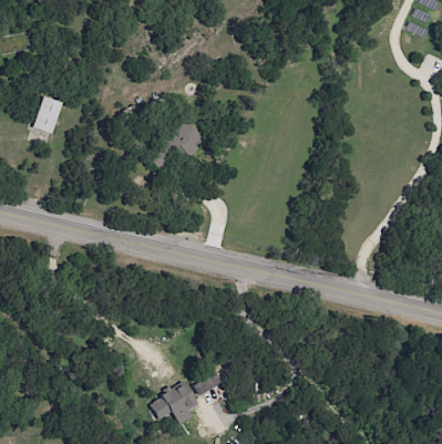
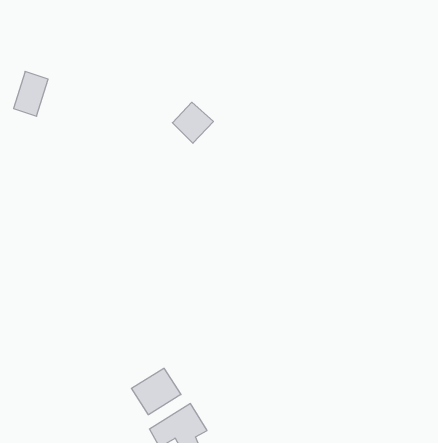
building: none -> [131,368,181,415]

